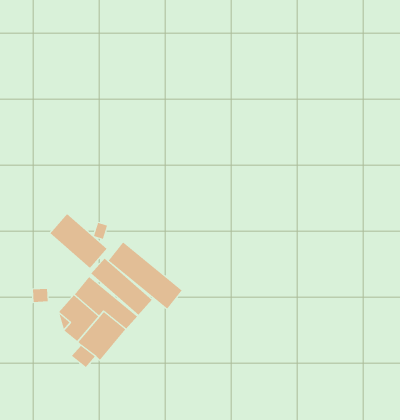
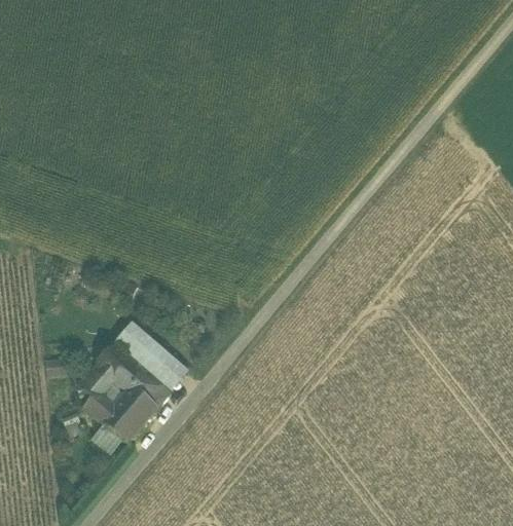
building: [50,213,107,269] -> none
building: [108,242,183,309] -> none

